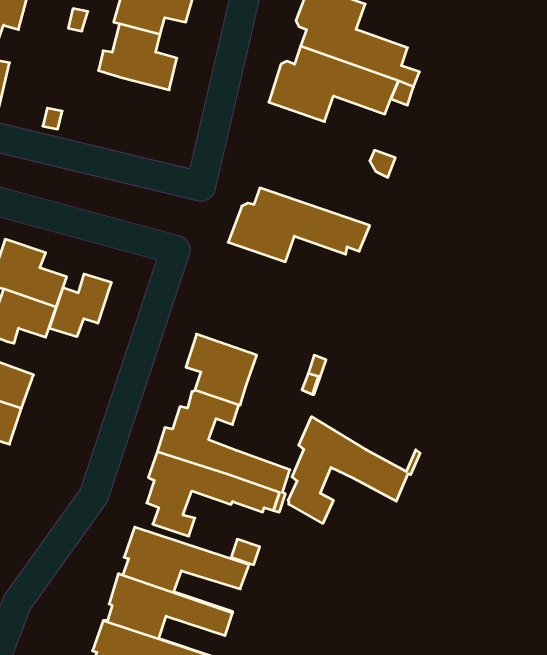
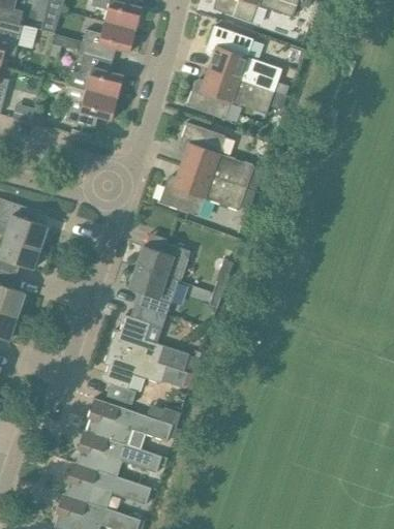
building: none -> [66,85,119,128]
building: none -> [179,122,265,191]
building: [49,274,111,337] -> none
building: none -> [138,243,191,281]
building: [288,417,420,523] -> none

